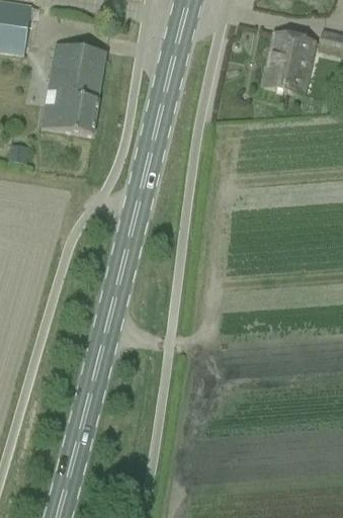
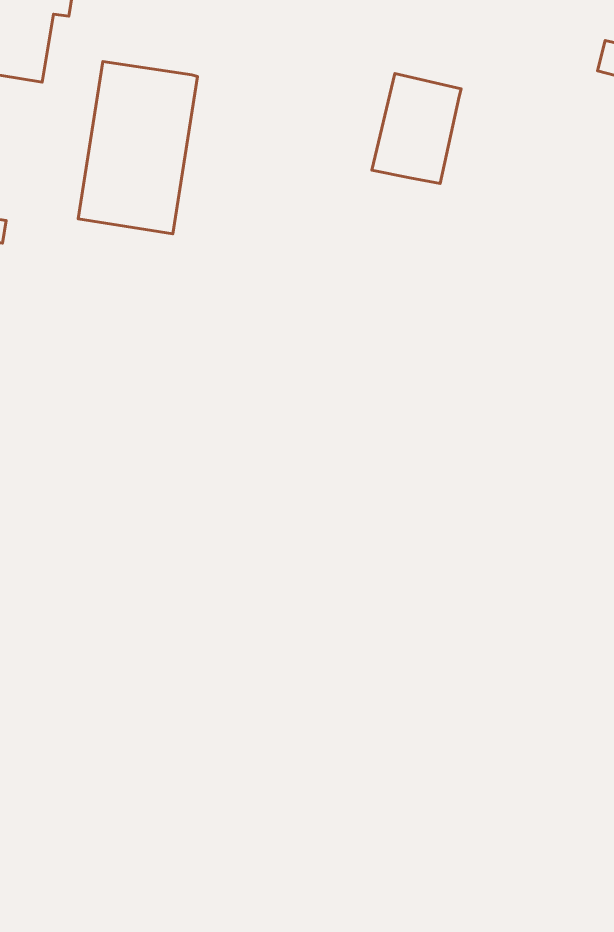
building: [264,33,312,92] -> [372,74,461,184]

